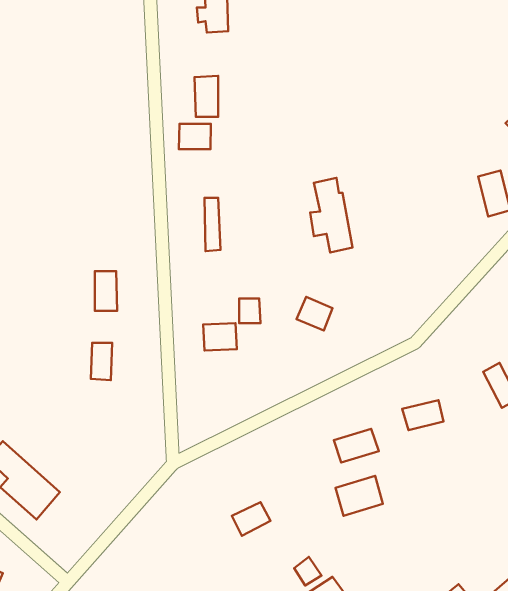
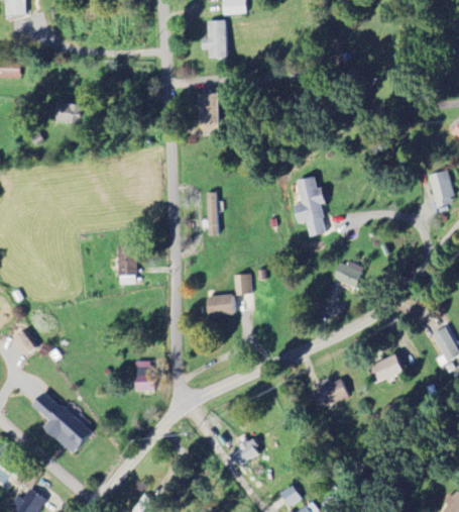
building: none -> [54,102,82,123]
building: [179,124,211,149] -> none
building: [296,297,332,330] -> [333,260,362,287]
building: [91,343,112,380] -> [134,361,151,391]
building: [336,476,383,516] -> none

